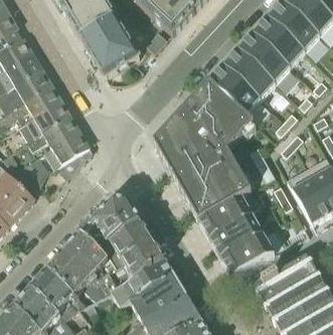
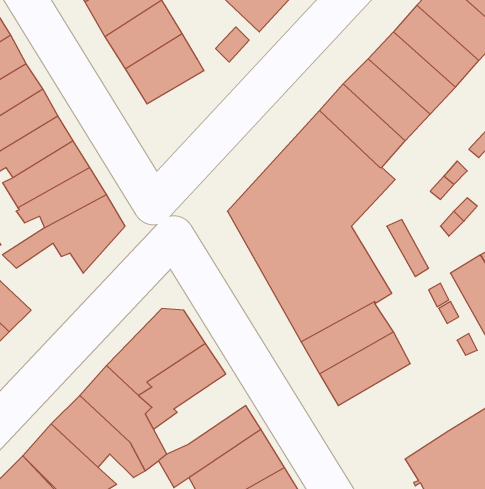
building: [219,226,284,278] -> none
building: [109,238,164,287] -> none

